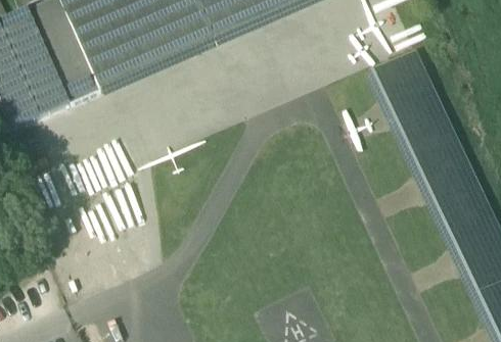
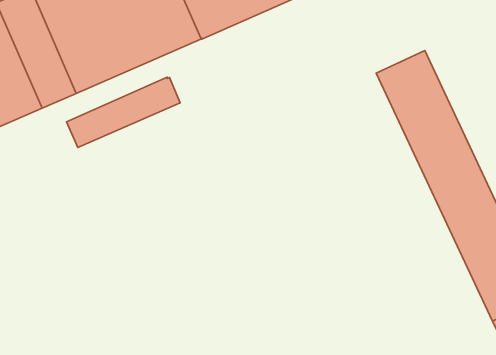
building: none -> [66,77,180,147]

